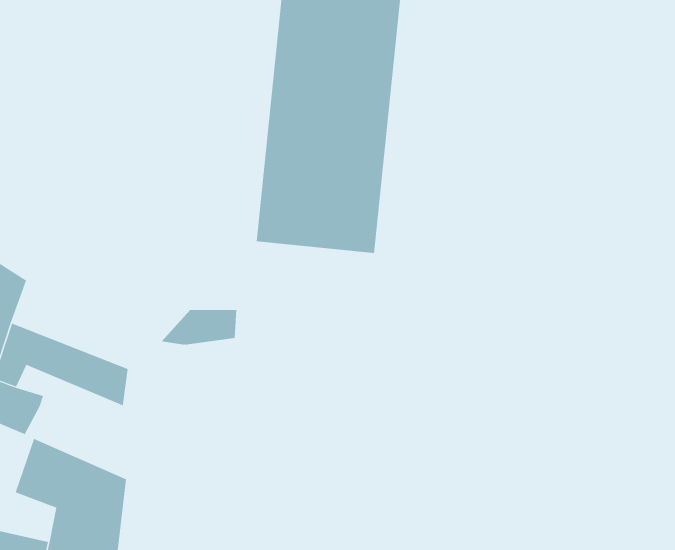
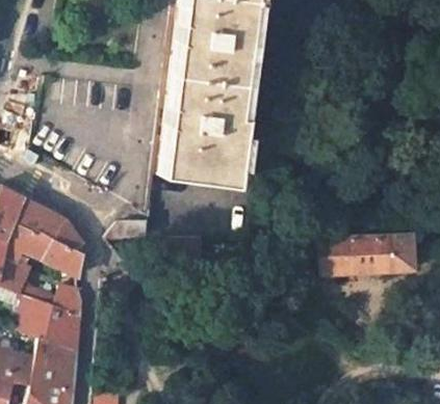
building: none -> [14,199,85,253]
building: none -> [321,234,415,276]
building: none -> [22,276,86,321]

